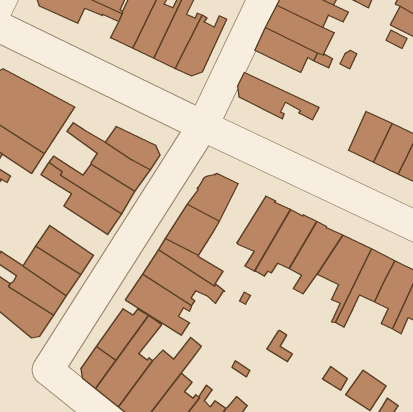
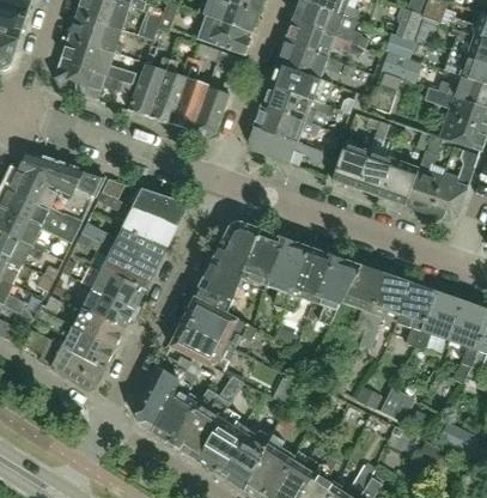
building: none -> [254,105,319,141]
building: none -> [331,141,369,187]
building: none -> [242,229,286,283]
building: none -> [89,261,146,309]

